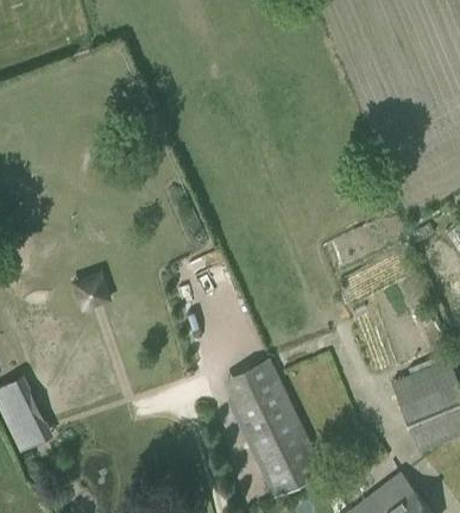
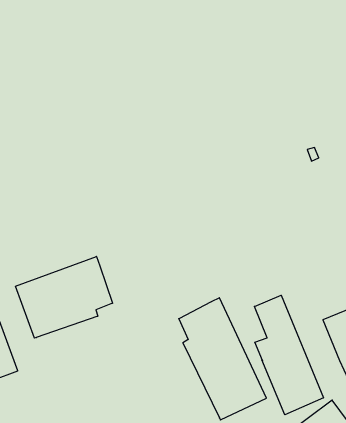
building: none -> [16,256,113,338]
building: none -> [254,295,323,415]

